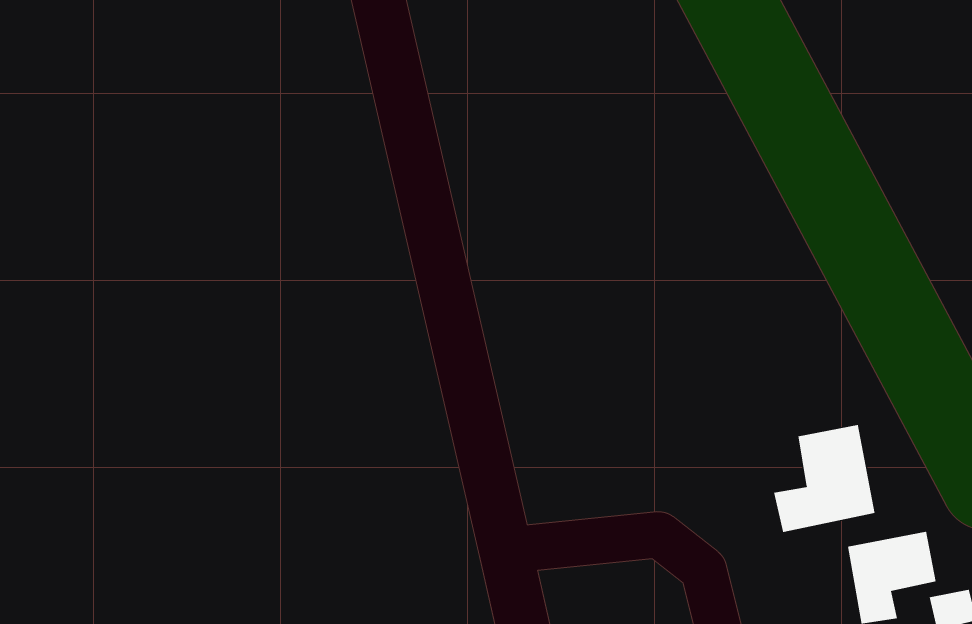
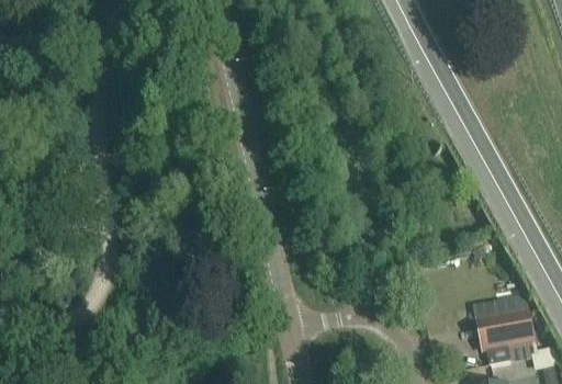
building: [773,424,875,533] -> none

